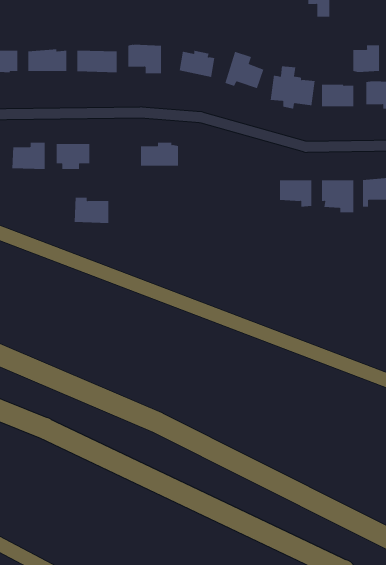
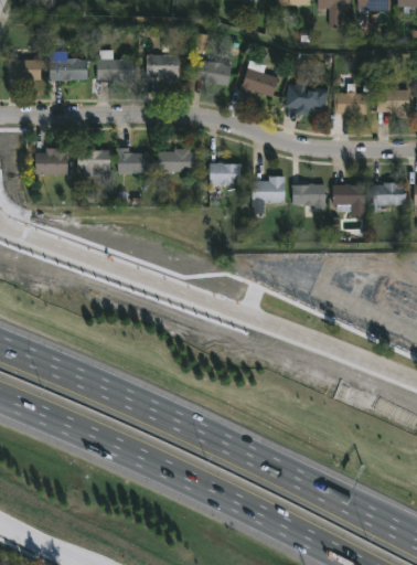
building: [353,45,379,73] -> none
building: none -> [209,161,240,183]
building: none -> [253,175,285,202]
building: [74,197,109,223] -> [116,148,150,173]

